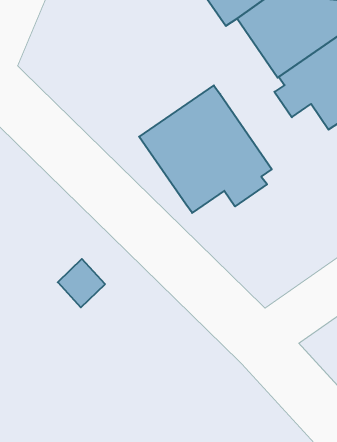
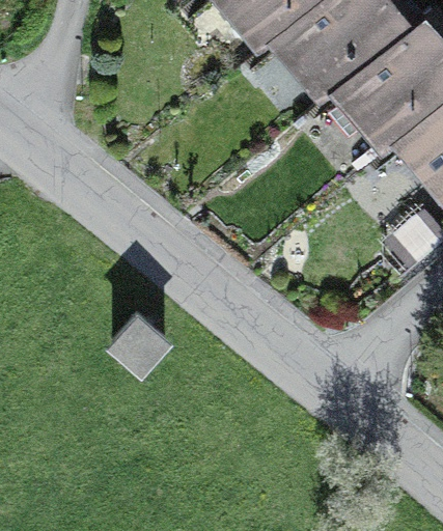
building: [139,85,272,213] -> none

